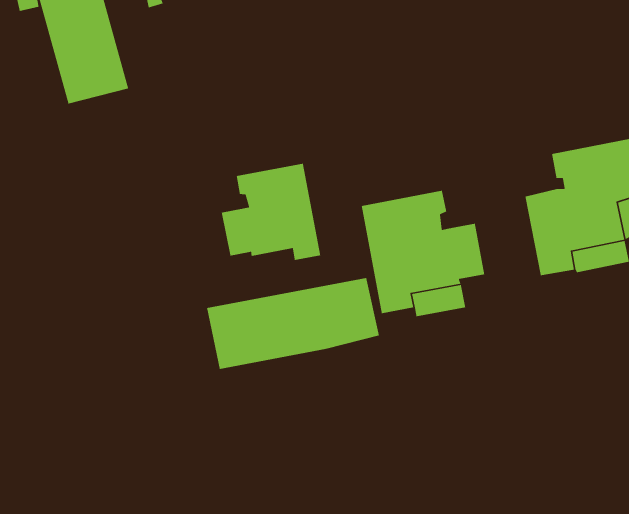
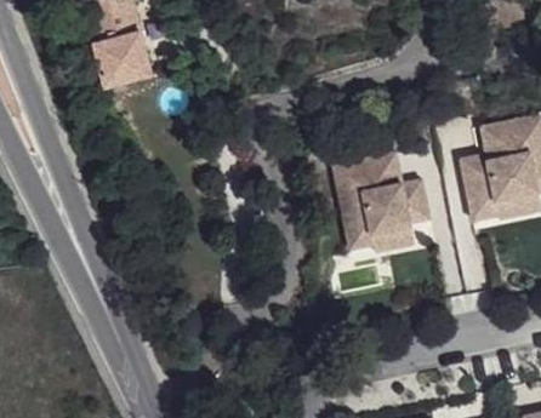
building: [221,163,321,261] -> none
building: [206,277,380,370] -> none

